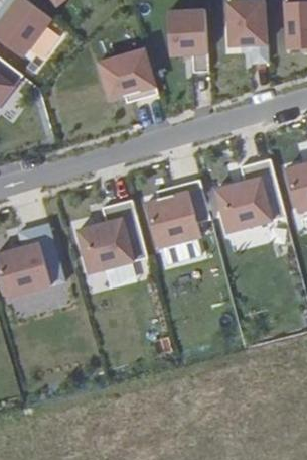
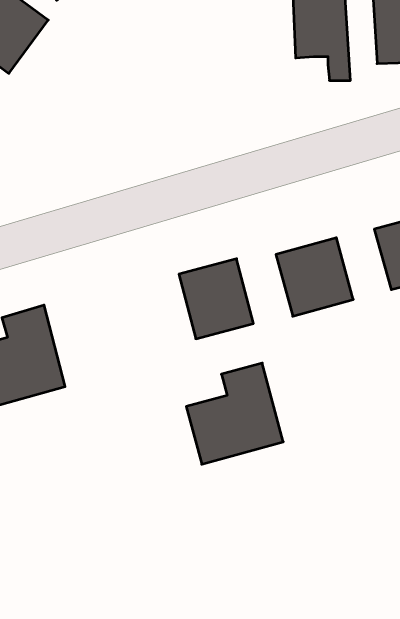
building: [168,9,207,56] -> none
building: [99,47,156,102] -> none
building: [76,200,146,272] -> [186,363,283,464]

